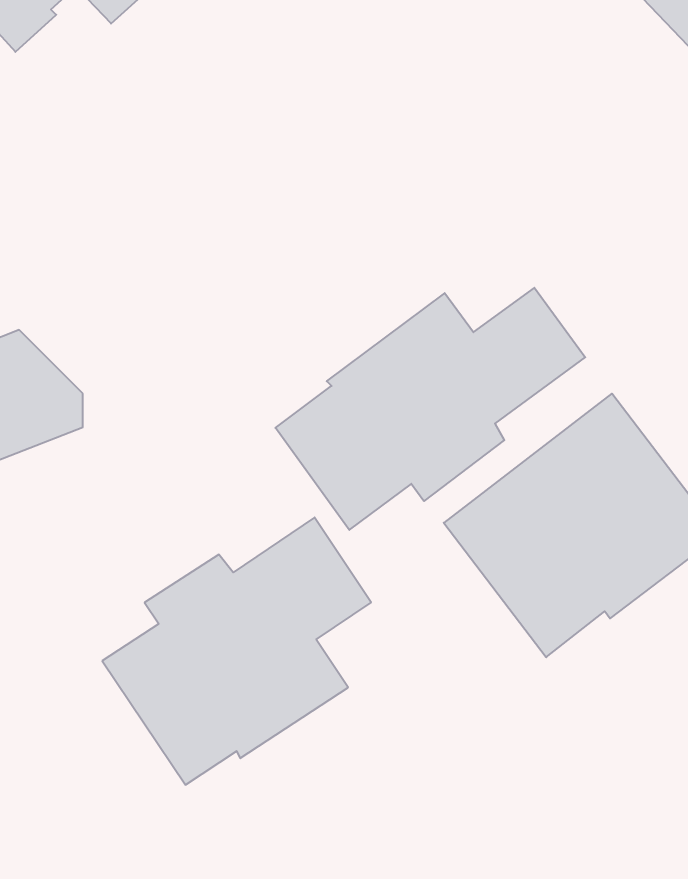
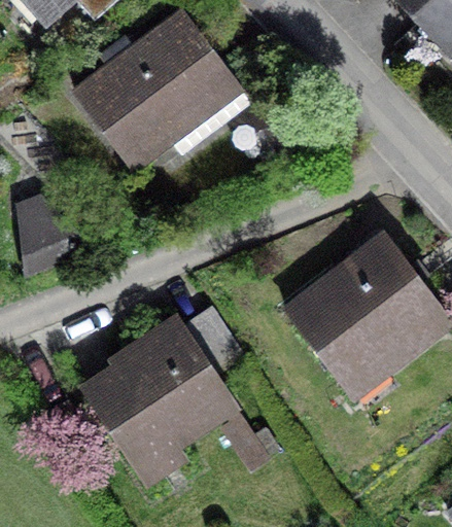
building: none -> [75,13,249,168]
building: [275,288,585,530] -> none

